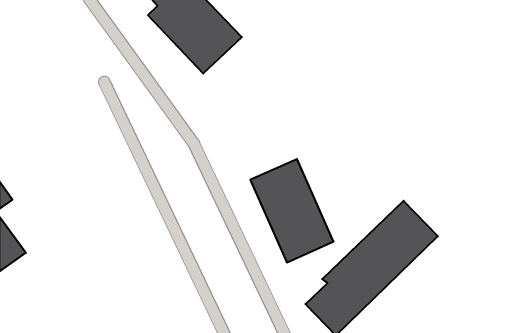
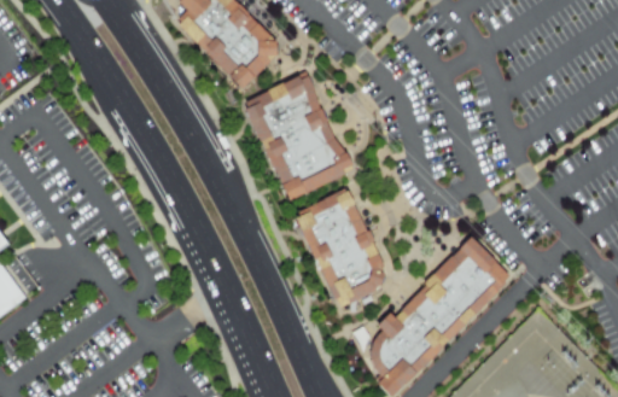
building: none -> [244,74,348,199]

